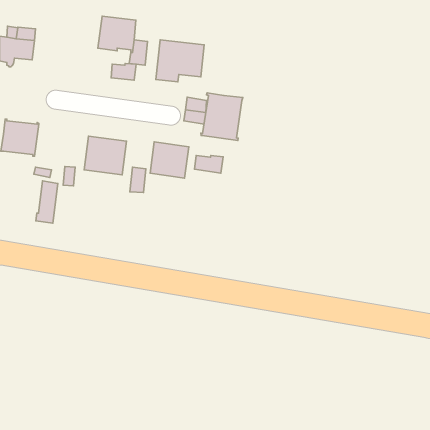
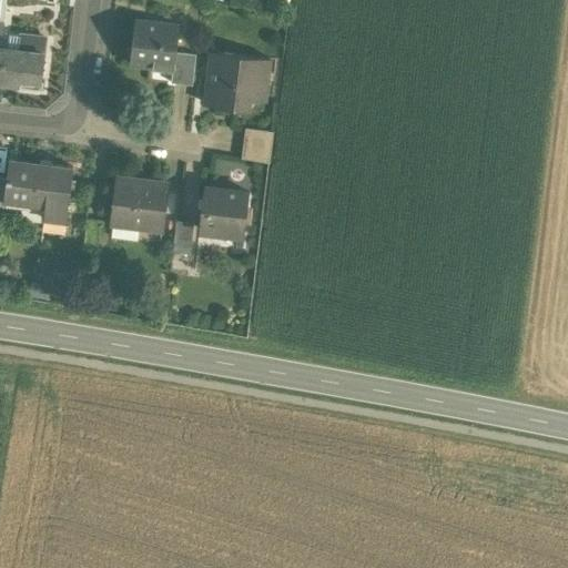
building: [111,63,136,80] -> none
building: [201,93,243,140] -> none
building: [195,155,223,173] -> none
building: [36,181,58,223] -> [42,165,71,221]

